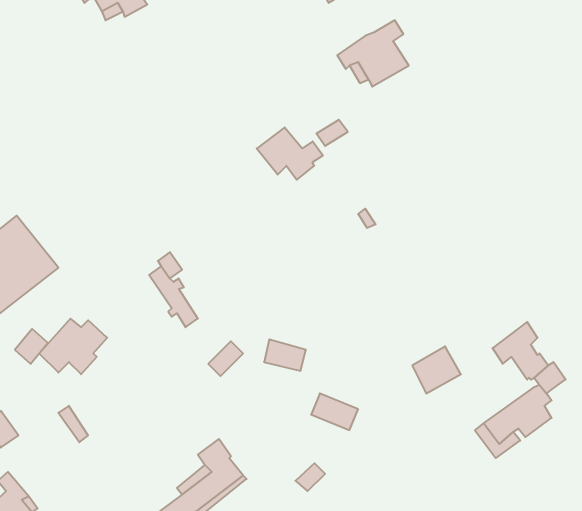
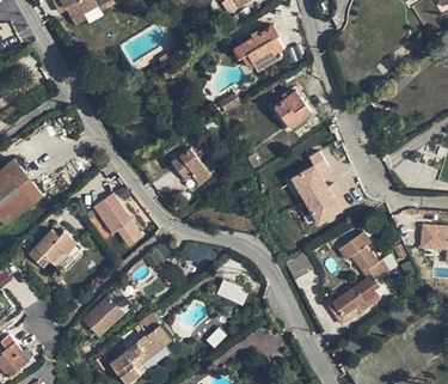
building: none -> [270,89,311,128]
building: [257,127,323,180] -> [171,148,216,184]
building: none -> [287,152,348,224]
building: none -> [82,295,123,337]

